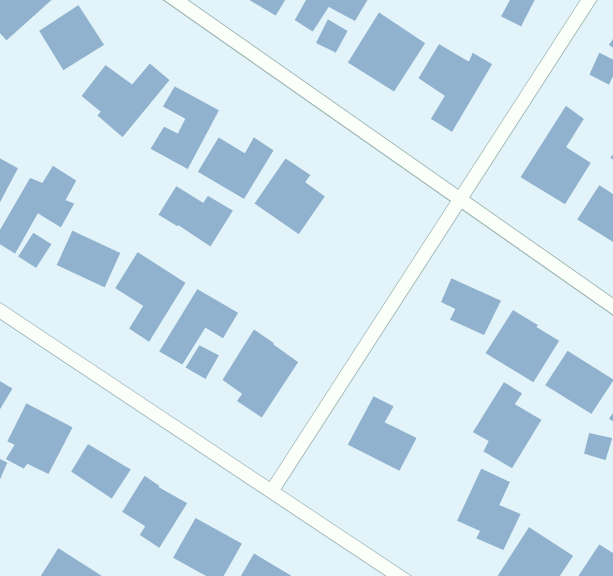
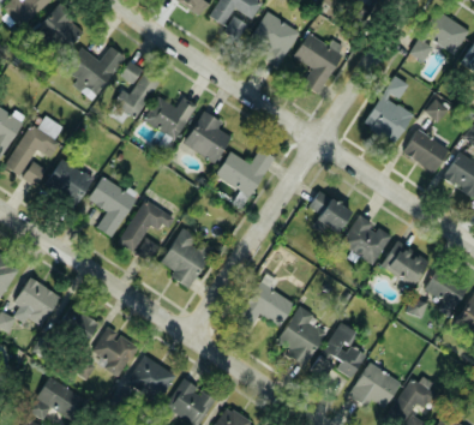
building: [158,185,234,247] -> none
building: none -> [215,148,275,197]
building: [472,381,542,469] -> [278,306,326,366]

